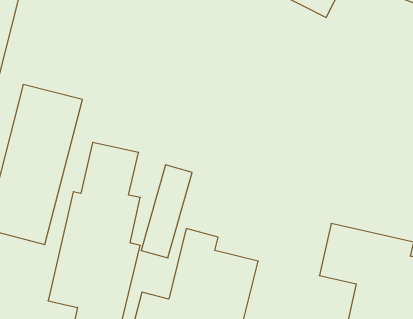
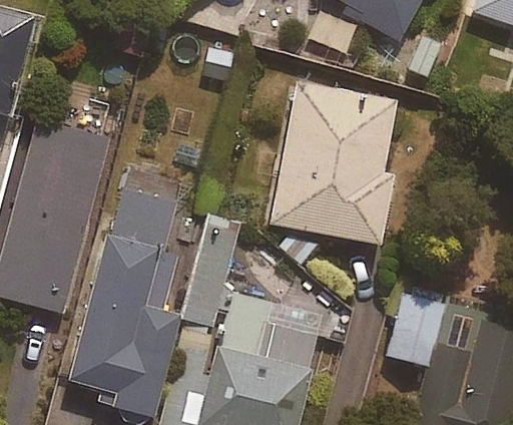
building: none -> [272,81,395,243]

